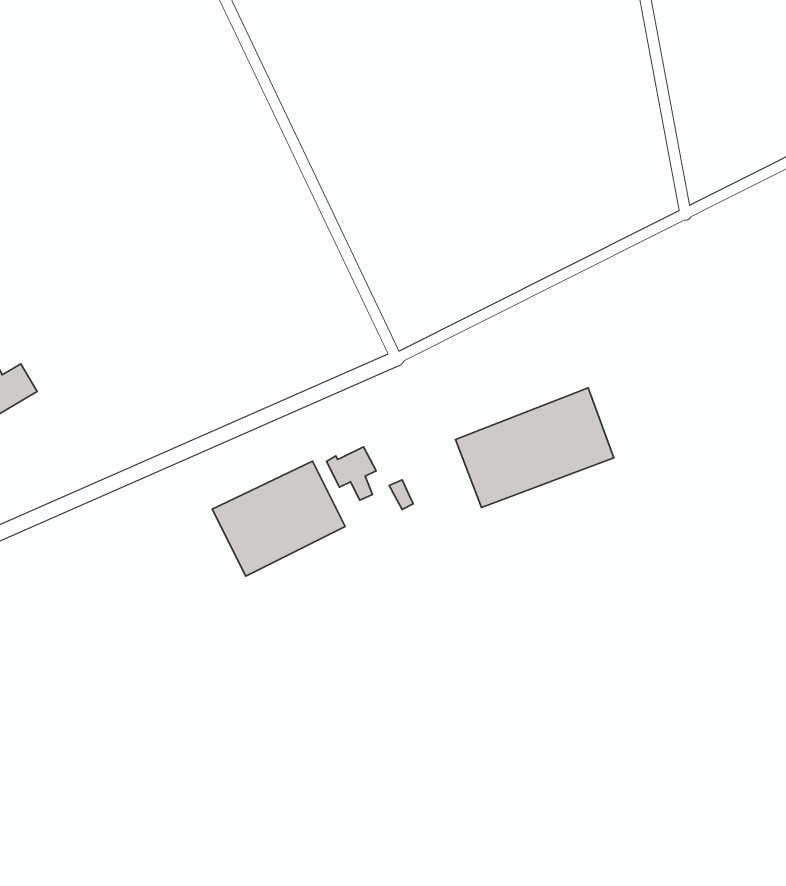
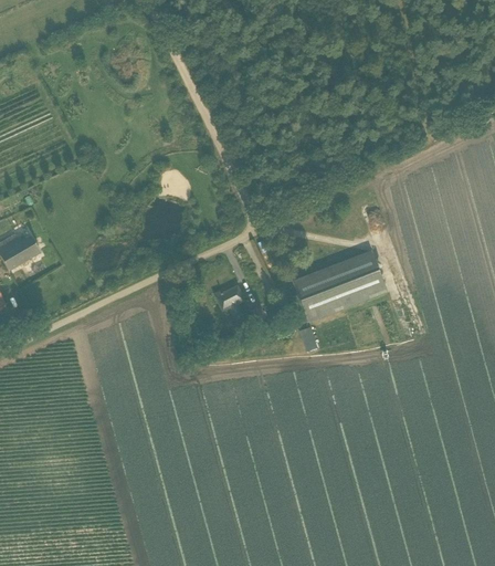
building: [212,461,345,576] -> none

